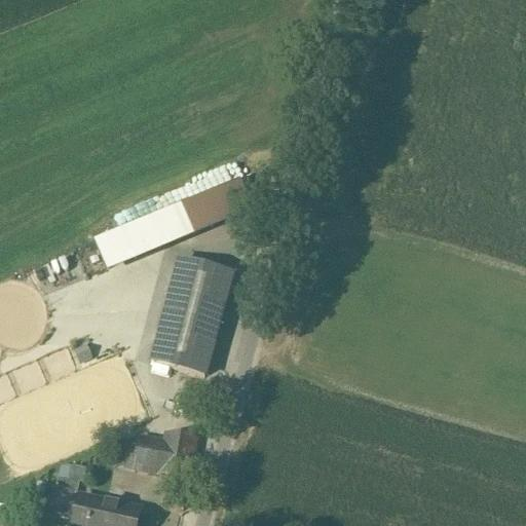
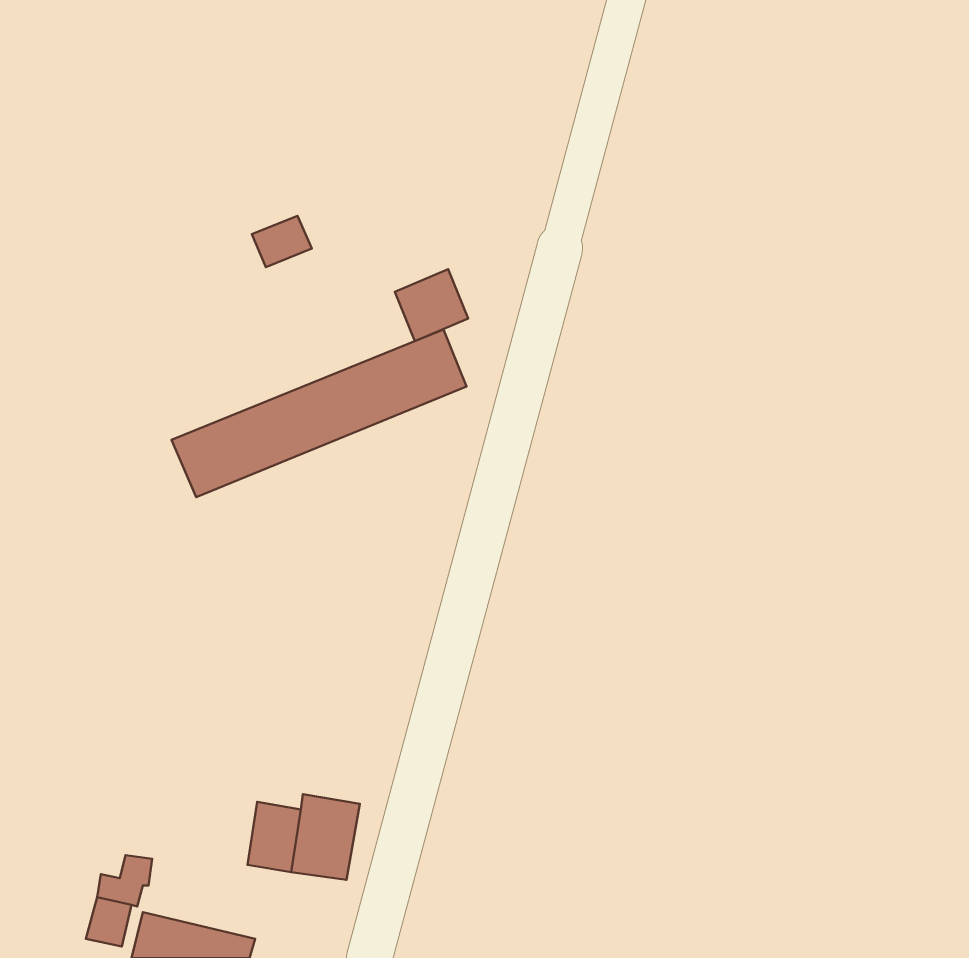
building: none -> [252,216,312,267]
building: none -> [395,269,468,341]
building: [150,256,229,371] -> none

